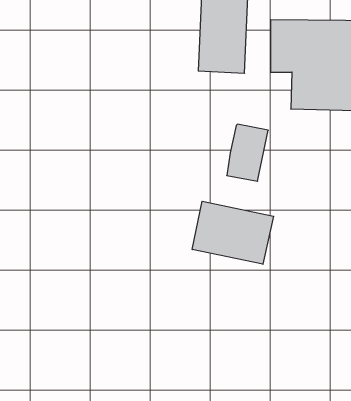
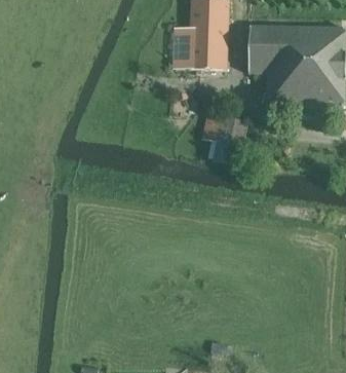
building: [192,201,274,264] -> none

